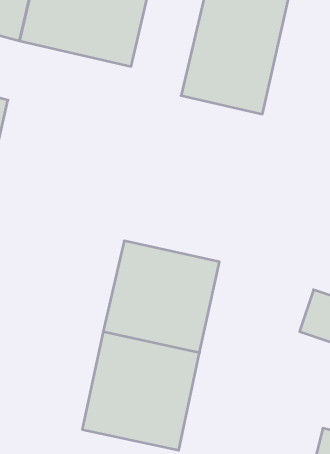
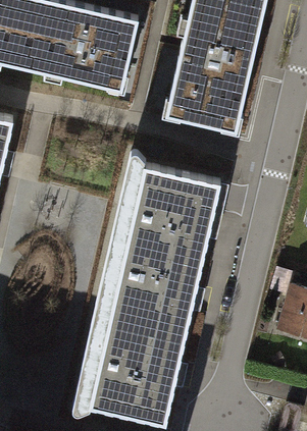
building: none -> [115,169,215,260]

